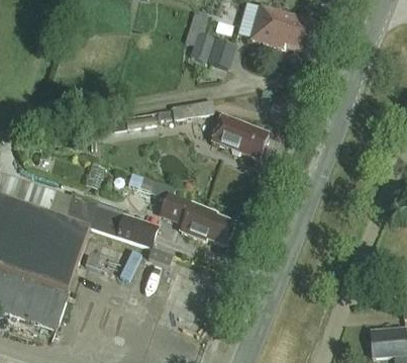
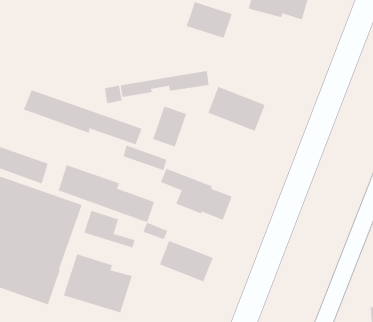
building: none -> [23,89,142,145]
building: none -> [152,106,187,147]
building: none -> [159,240,213,282]
building: none -> [63,253,132,313]

